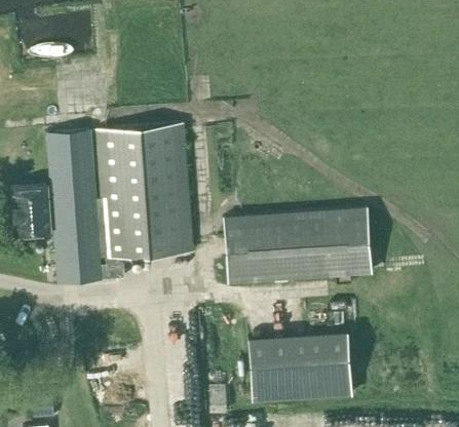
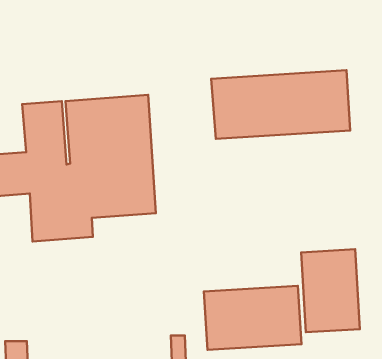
building: [221,208,373,283] -> [211,70,350,139]
building: none -> [301,249,360,332]

